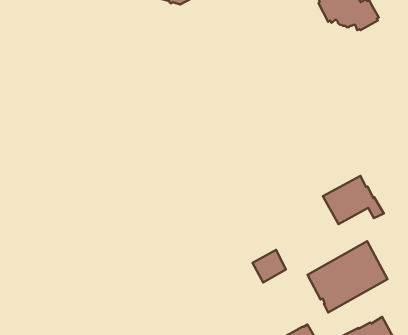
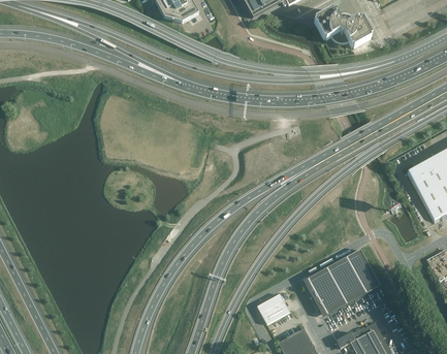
building: [323,176,384,224] -> none
building: [253,250,286,282] -> [257,292,289,323]

